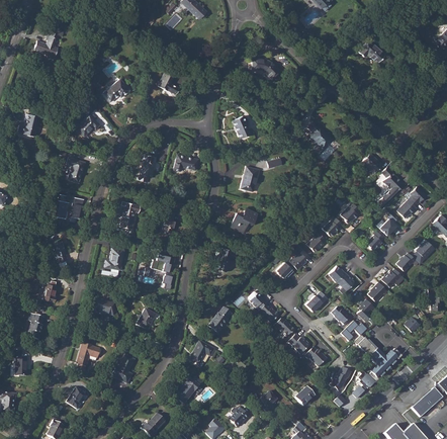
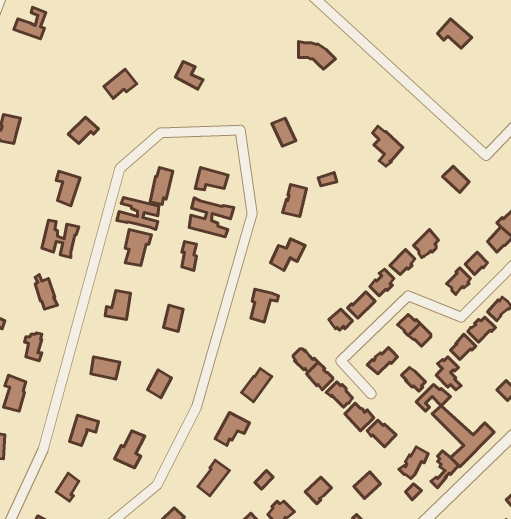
building: [377,169,404,205] -> none
building: none -> [117,198,159,230]
building: none -> [189,198,234,237]

